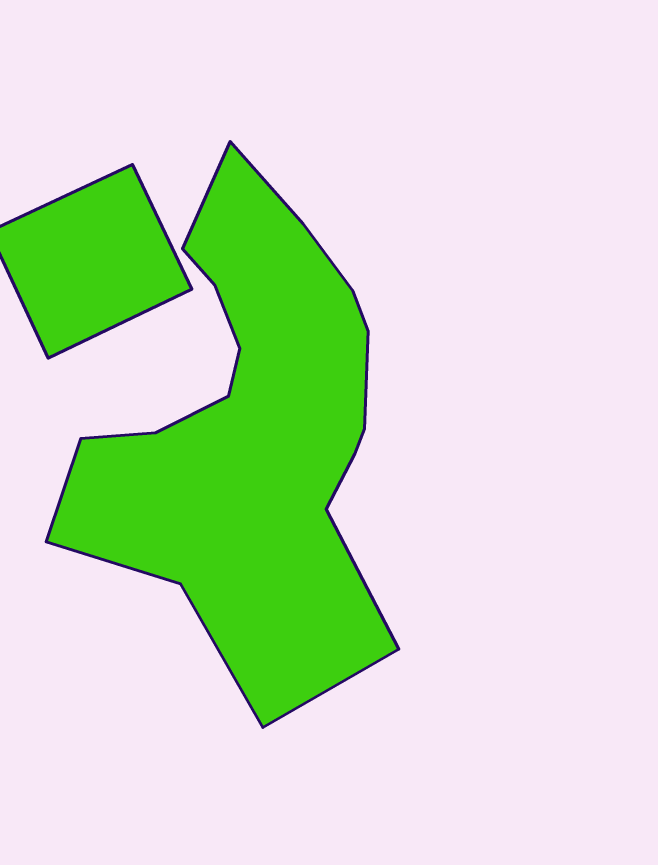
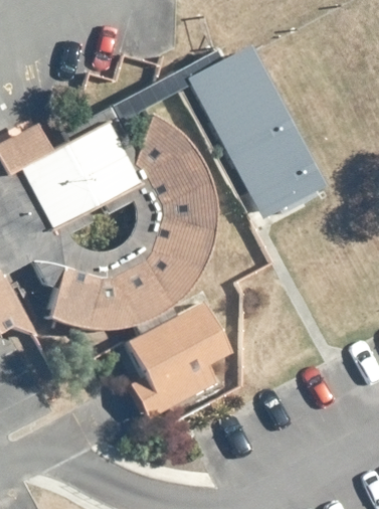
building: none -> [158,43,301,218]

